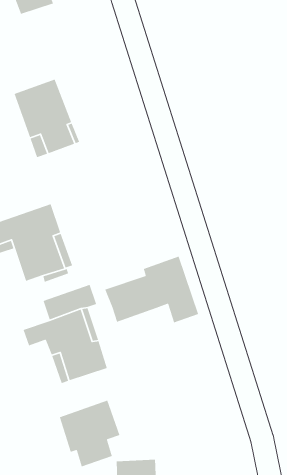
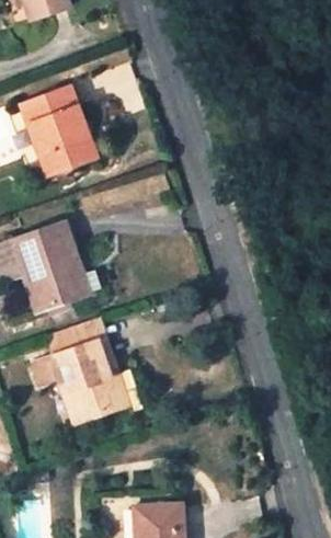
building: [104,255,199,324] -> none
building: [59,400,121,467] -> none

